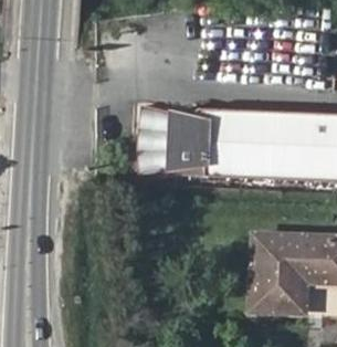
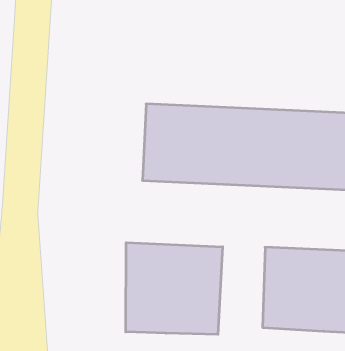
building: none -> [126,243,223,334]

